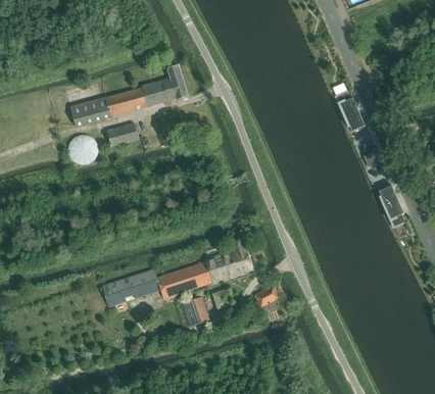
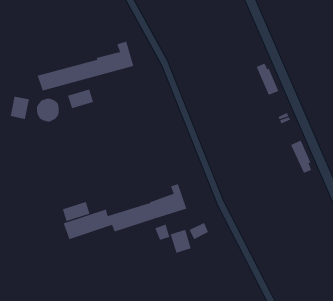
building: none -> [10,96,30,120]
building: none -> [62,201,90,222]
building: [182,296,208,326] -> [170,229,192,254]

